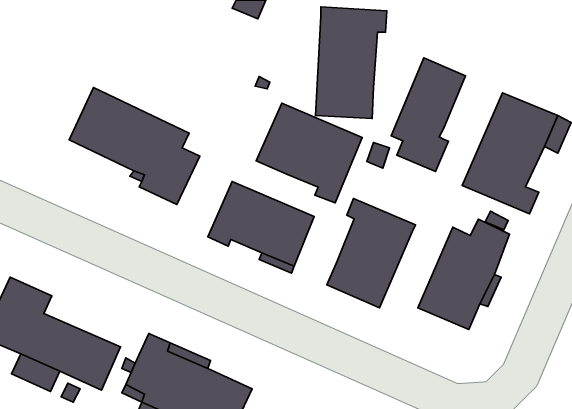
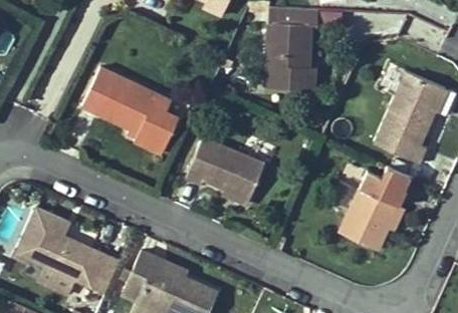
building: [391,58,466,172] -> none
building: [256,103,362,203] -> none
building: [327,199,416,308] -> none

